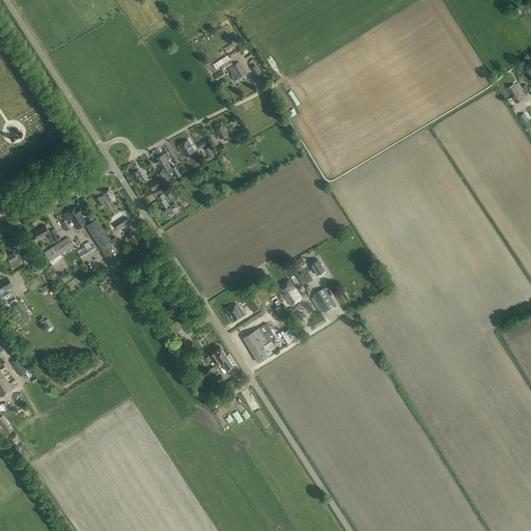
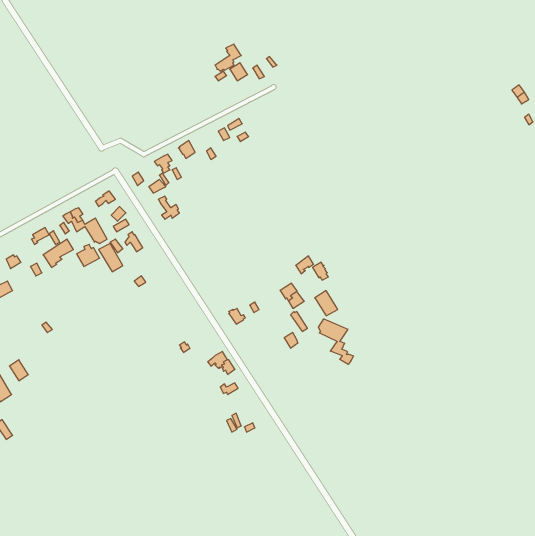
building: none -> [318,319,354,364]
building: [242,324,276,362] -> none

